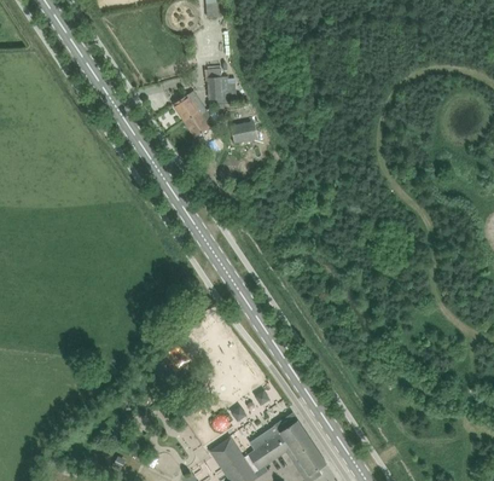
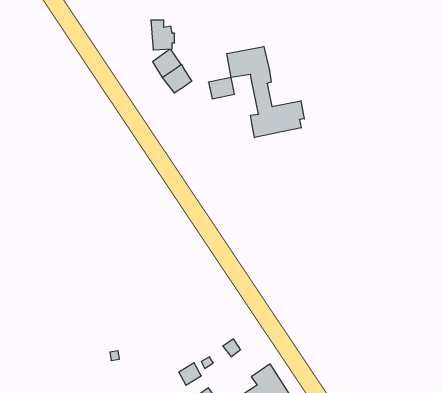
building: [207,68,231,98] -> [151,20,175,50]
building: none -> [227,46,304,138]

